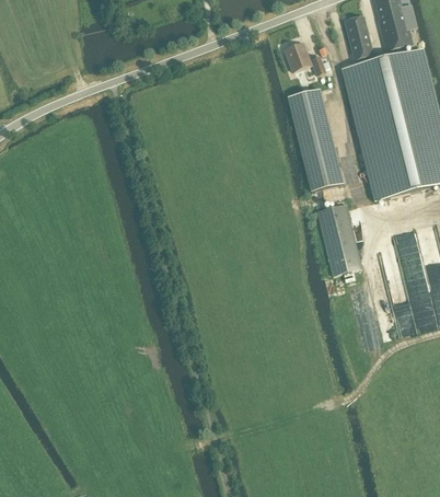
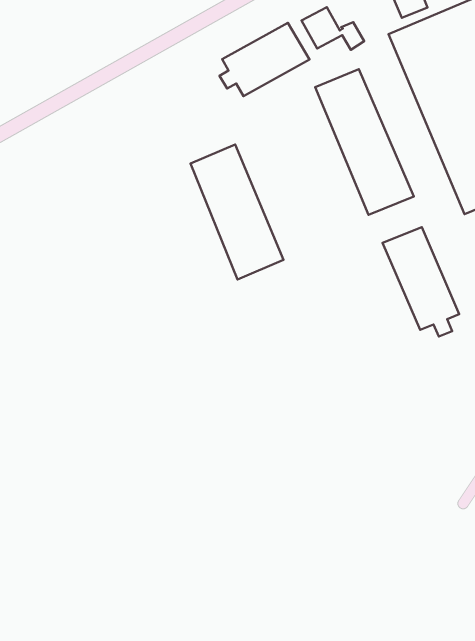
building: none -> [220,23,309,96]
building: none -> [191,144,284,280]

